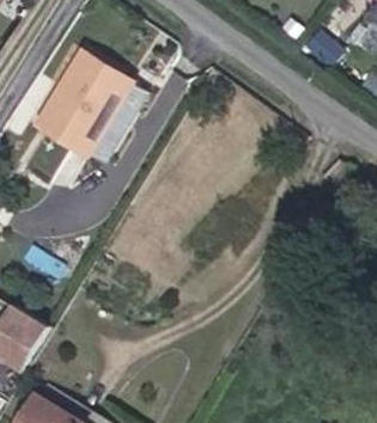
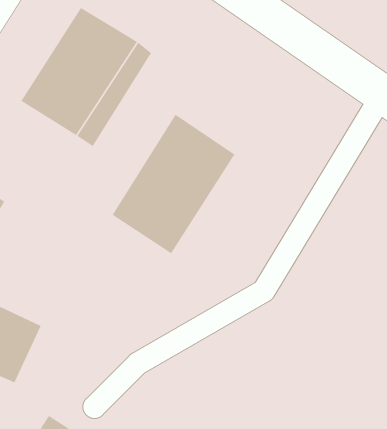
building: none -> [112,114,235,254]

